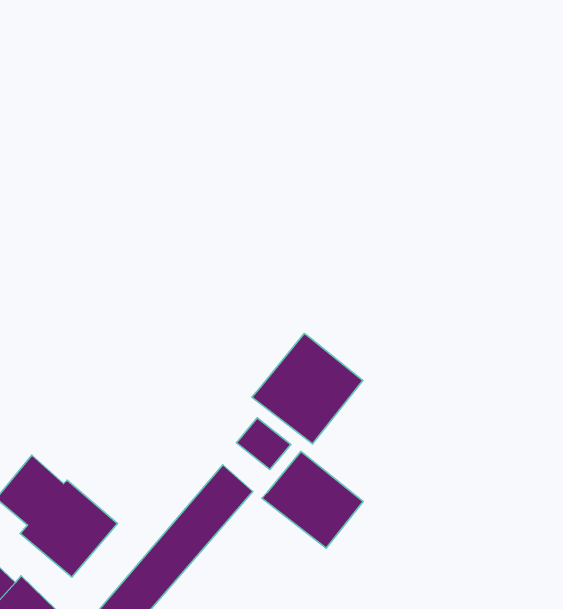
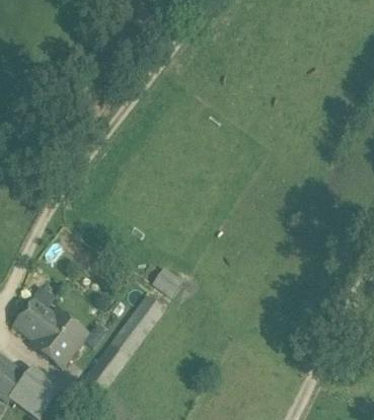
building: [252,333,363,444] -> none
building: [262,452,363,548] -> none

